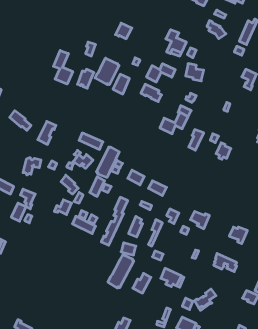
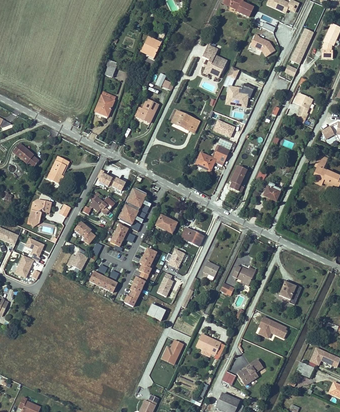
building: [53,50,73,84] -> none
building: [95,58,119,85] -> none
building: [147,64,175,82] -> none
building: [108,254,134,288] -> none

